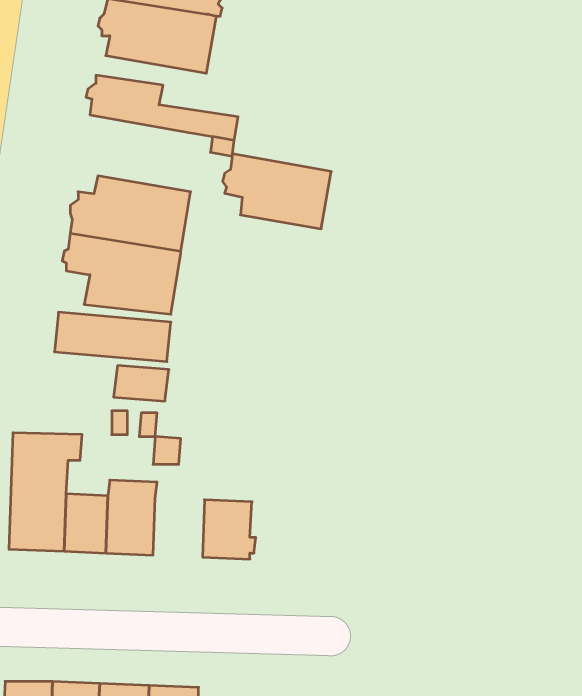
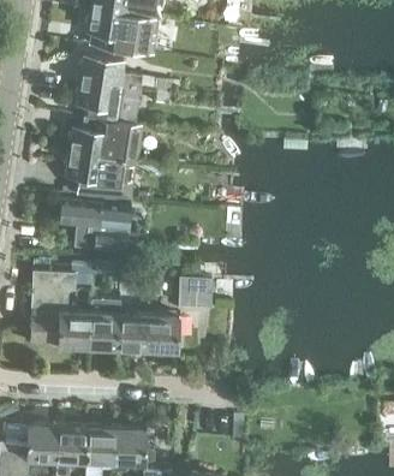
building: [223,154,331,229] -> [73,79,139,125]
building: none -> [179,279,211,308]
building: none -> [118,313,149,349]

